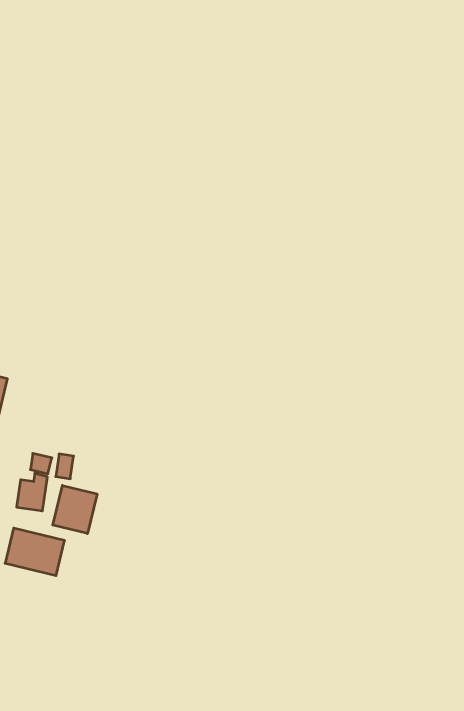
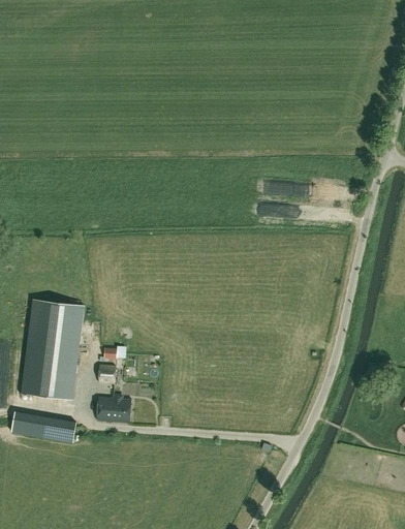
building: [53,485,97,534] -> none

